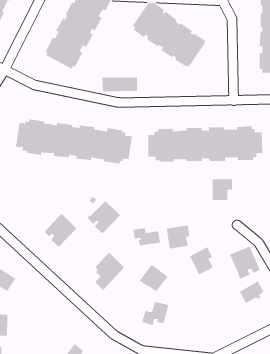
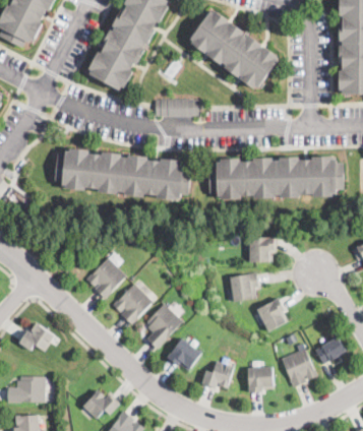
building: [212,179,233,200] -> [250,235,275,260]
building: [87,200,121,234] -> [113,284,153,323]
building: [133,227,160,246] -> none
building: [229,246,261,280] -> [281,348,317,387]
building: [139,264,169,292] -> [168,336,202,369]
building: none -> [248,365,274,390]
building: none -> [82,388,121,418]

